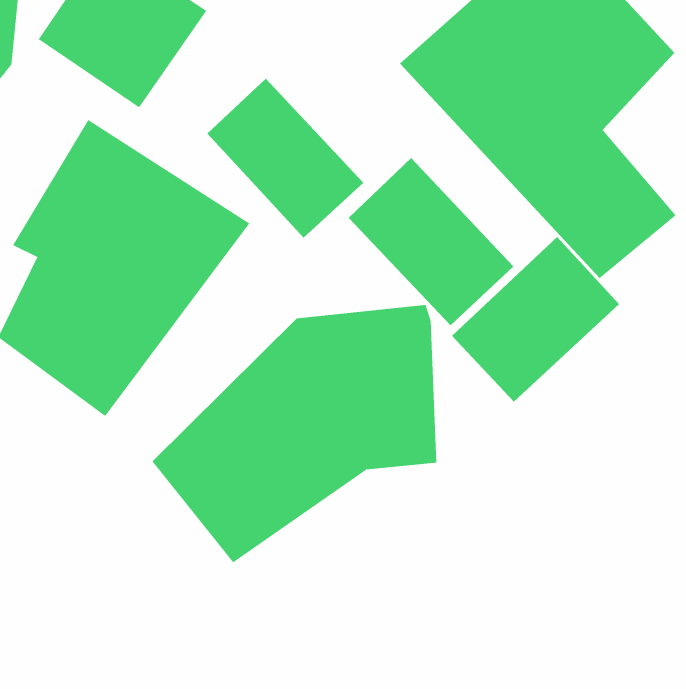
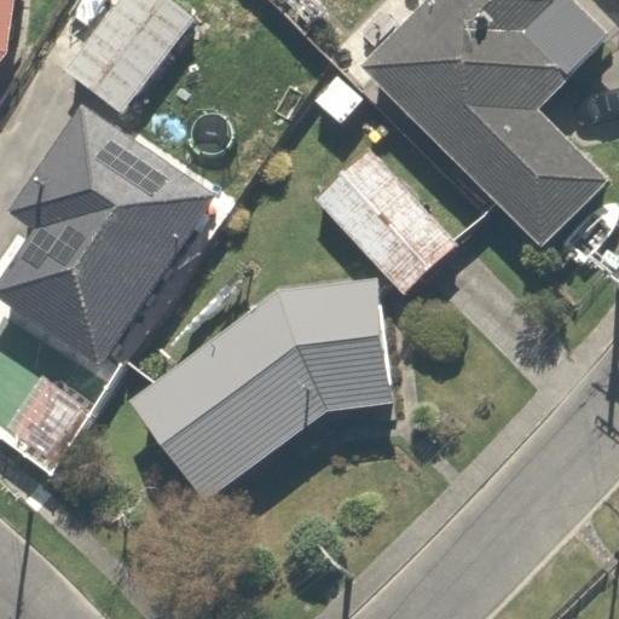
building: [206,78,364,238] -> none
building: [451,236,620,403] -> none

